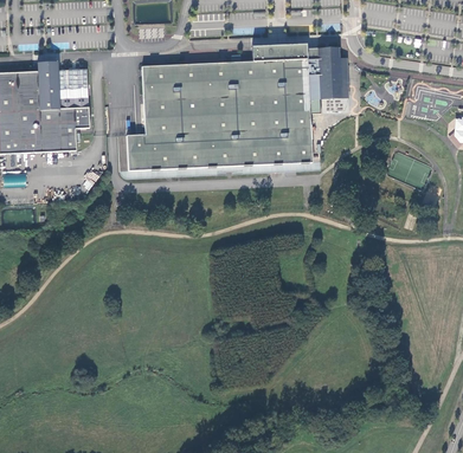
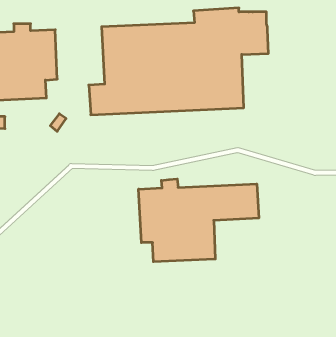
building: none -> [139,179,259,262]

